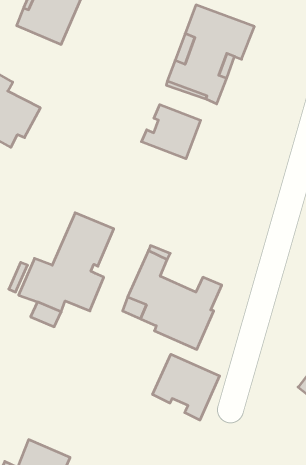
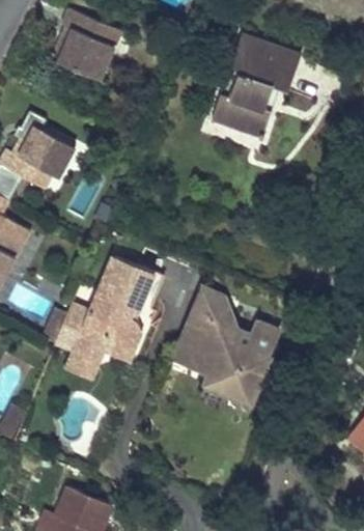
building: [141,105,201,159] -> none
building: [153,354,220,420] -> none

